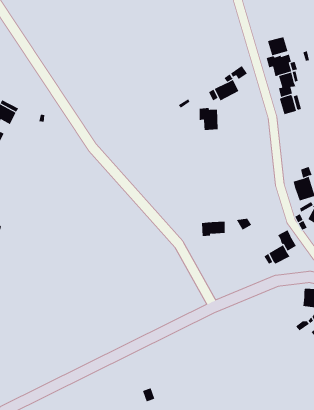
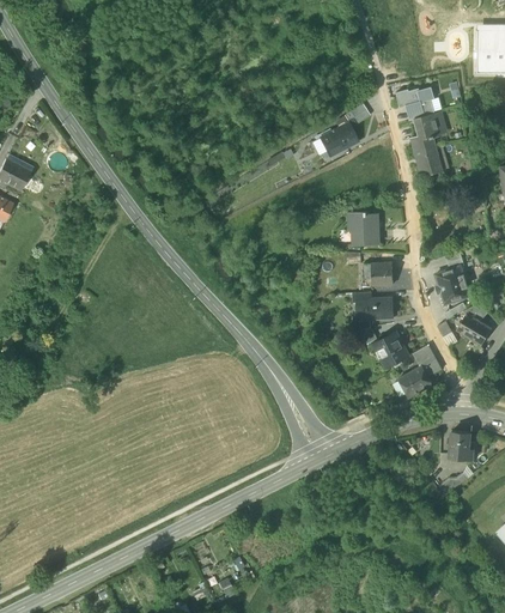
building: [266,36,288,56] -> none
building: [199,108,219,130] -> [349,212,378,245]
building: none -> [364,262,393,285]
building: [201,221,226,237] -> [355,298,391,321]
building: none -> [372,333,408,365]

